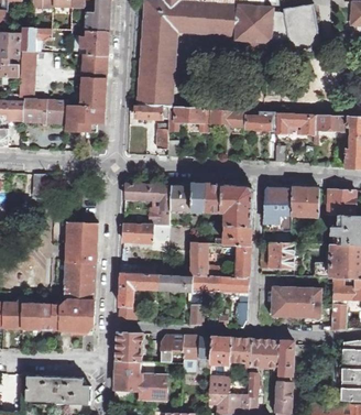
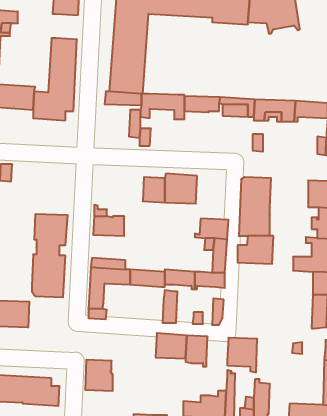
building: [80,31,108,55] -> none
building: [124,184,171,225] -> none
building: [220,185,253,227] -> none
building: [291,187,319,216] -> none
building: [190,241,225,276] -> none
building: [271,287,320,317] -> none
building: [61,299,94,331] -> none
building: [116,331,141,361] -> none
building: [160,334,183,363] -> none
building: [230,338,251,361] -> none
building: [276,340,293,376] -> none
building: [208,362,229,401] -> none
building: [140,373,165,401] -> none

